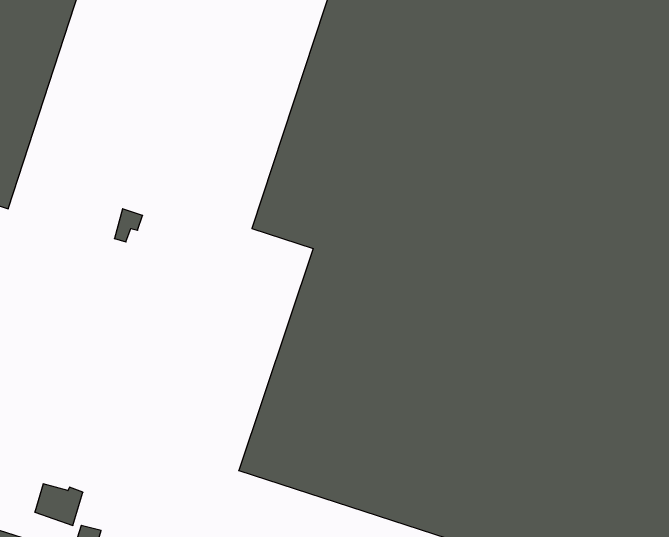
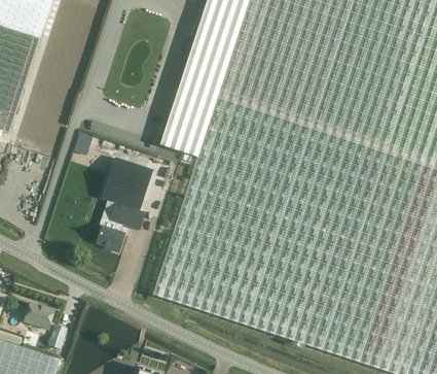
building: none -> [97,157,153,251]

